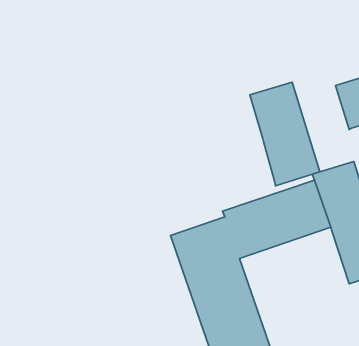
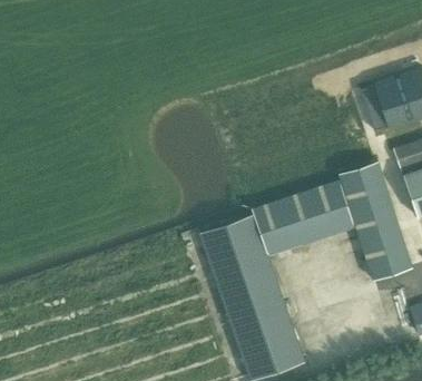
building: [250,82,320,186] -> none

